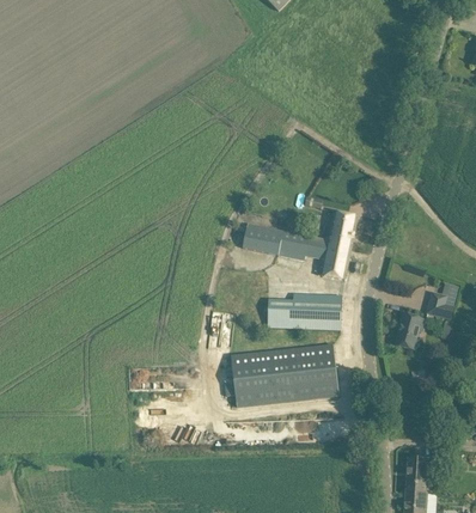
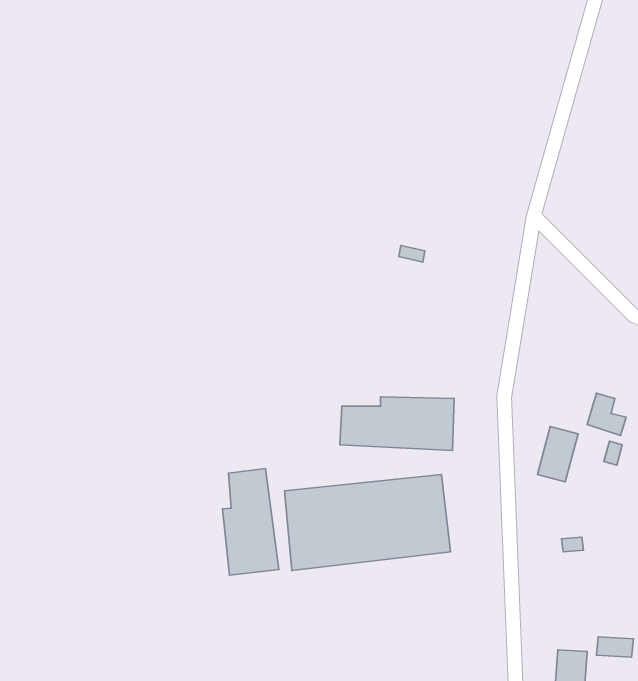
building: [244,212,358,280] -> none
building: none -> [222,468,279,575]

